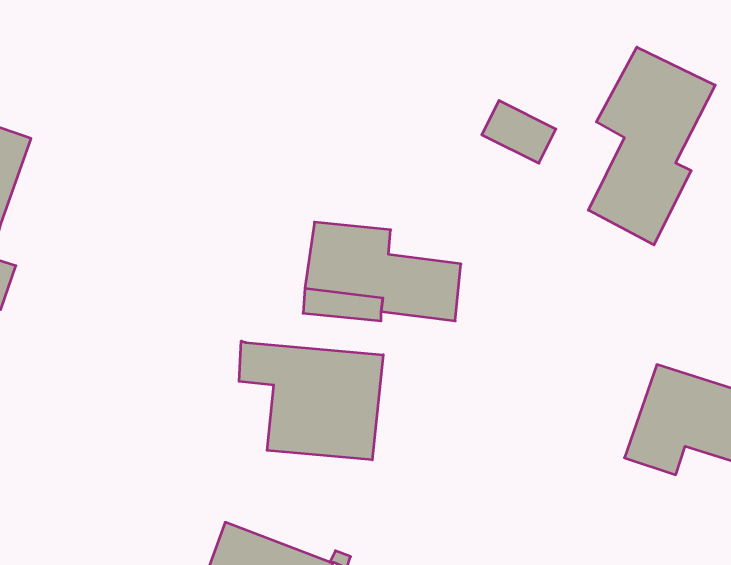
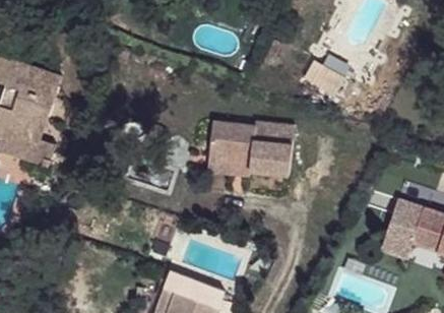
building: [588,47,715,245] -> none
building: [239,341,383,460] -> none

